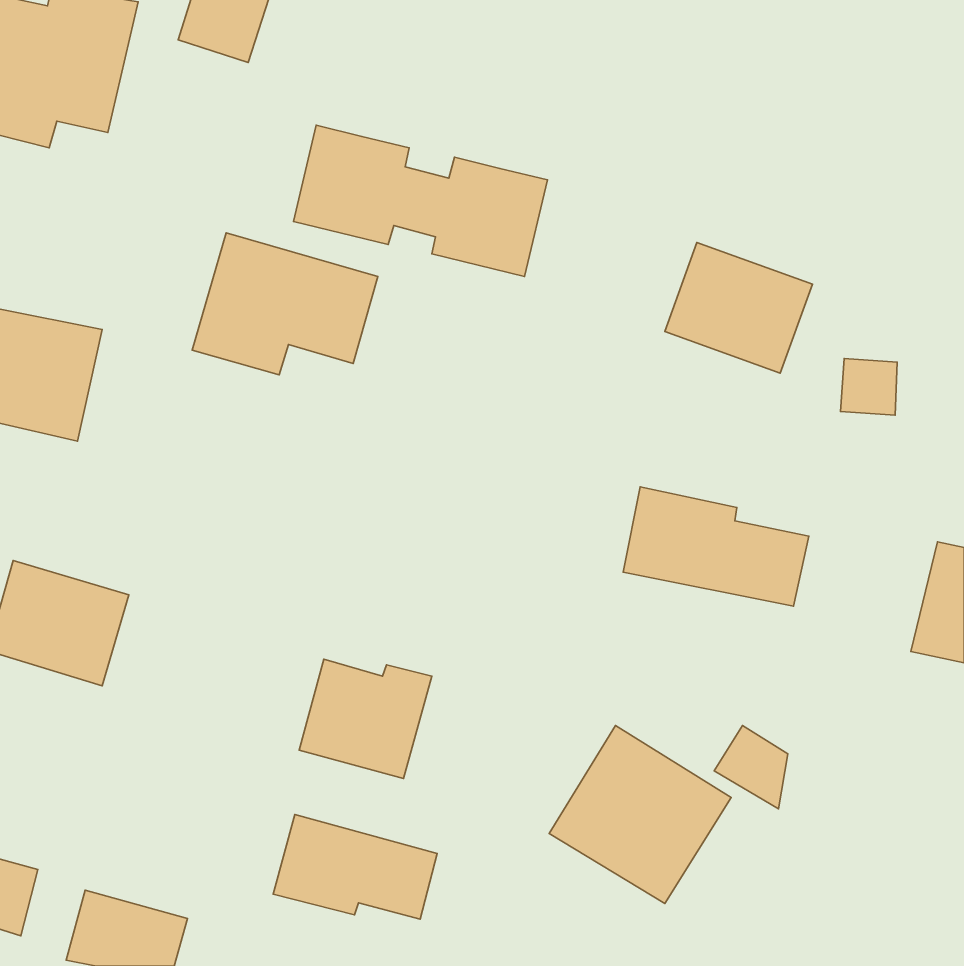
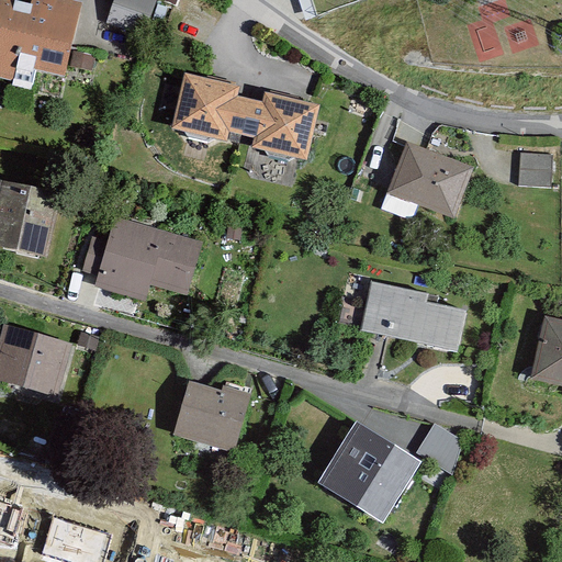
building: [192,233,378,375] -> [93,217,201,300]
building: [840,359,897,415] -> [518,154,551,187]
building: [273,815,437,919] -> none

